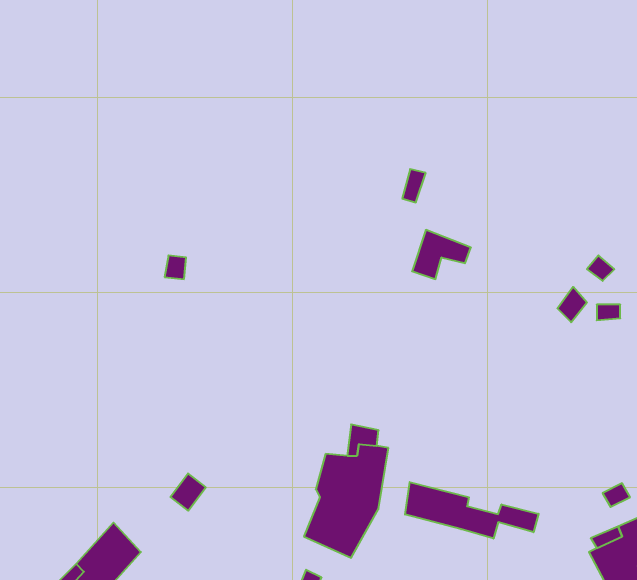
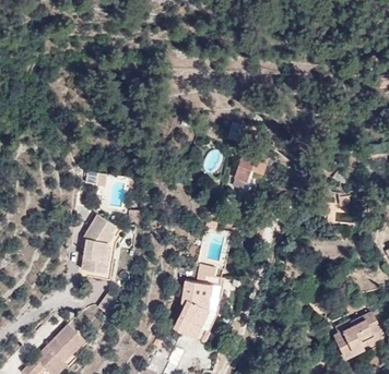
building: none -> [83,214,122,280]
building: [405,482,539,539] -> none

